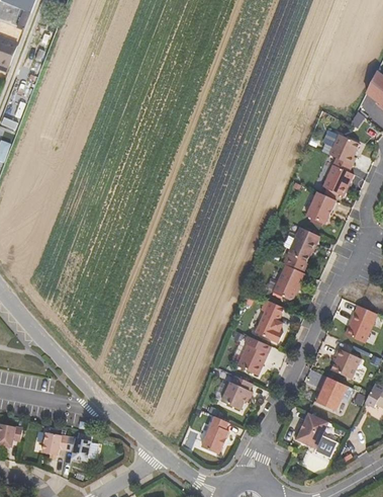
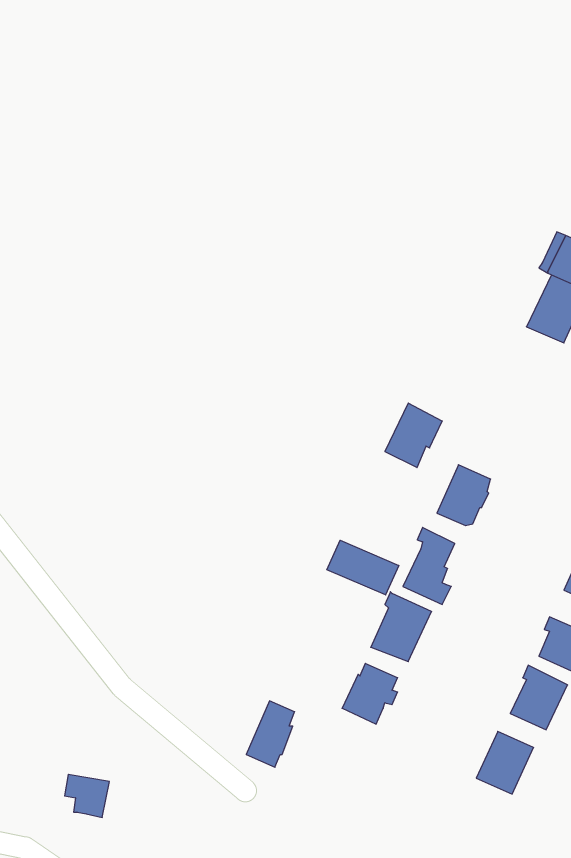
building: [307,190,337,224] -> none
building: [287,225,319,261] -> [385,403,442,468]
building: none -> [327,540,399,595]
building: [198,416,225,453] -> [246,701,295,767]
building: [38,433,65,458] -> none

